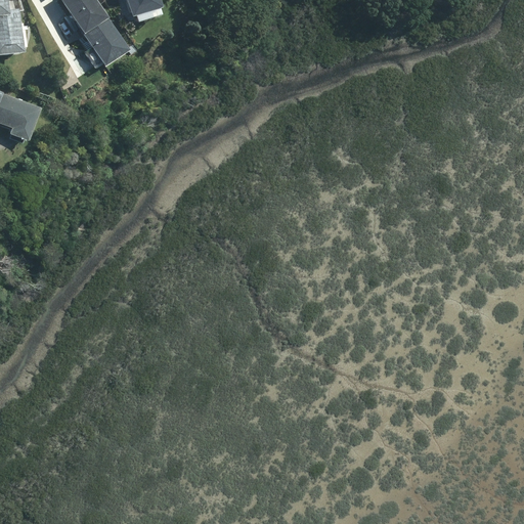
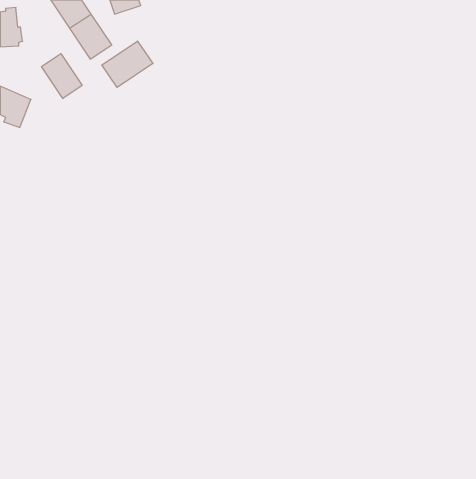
building: none -> [102,41,153,87]
building: none -> [42,54,82,99]

